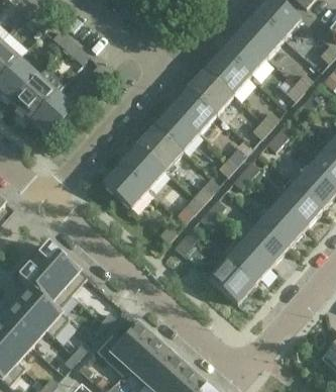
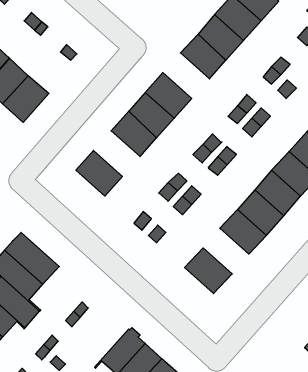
building: [188,69,233,113] -> none
building: [120,144,165,189] -> none
building: [227,239,271,284] -> none
building: [104,313,154,375] -> none

